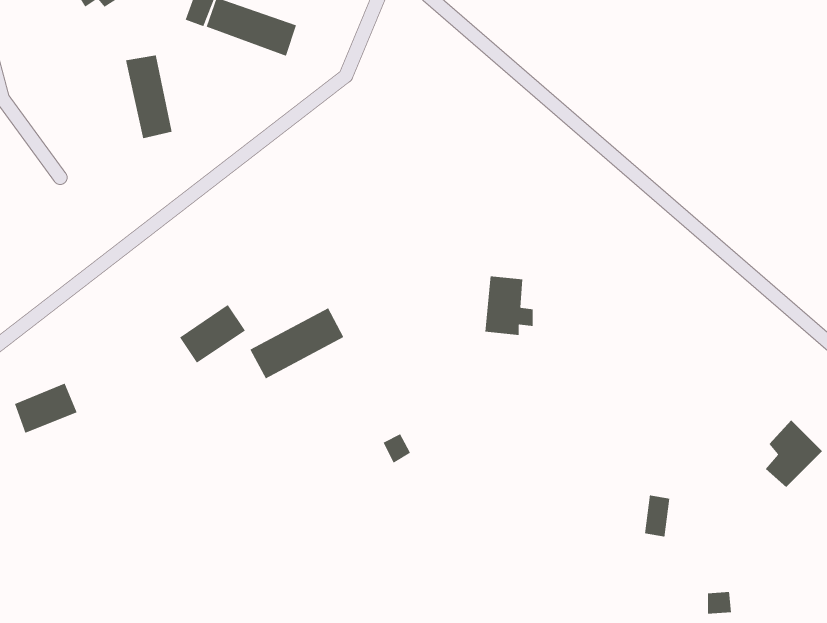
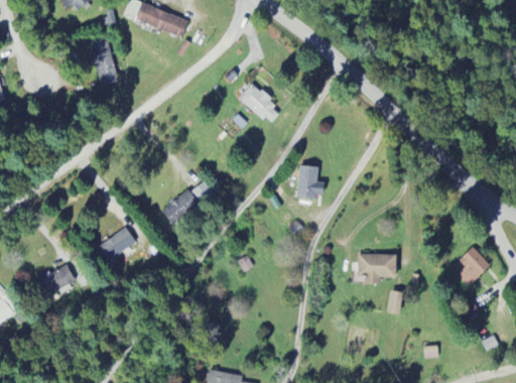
building: none -> [239,83,281,123]
building: [179,304,246,364] -> [97,227,135,261]
building: [14,383,77,434] -> [38,265,75,294]
building: none -> [357,253,396,283]

